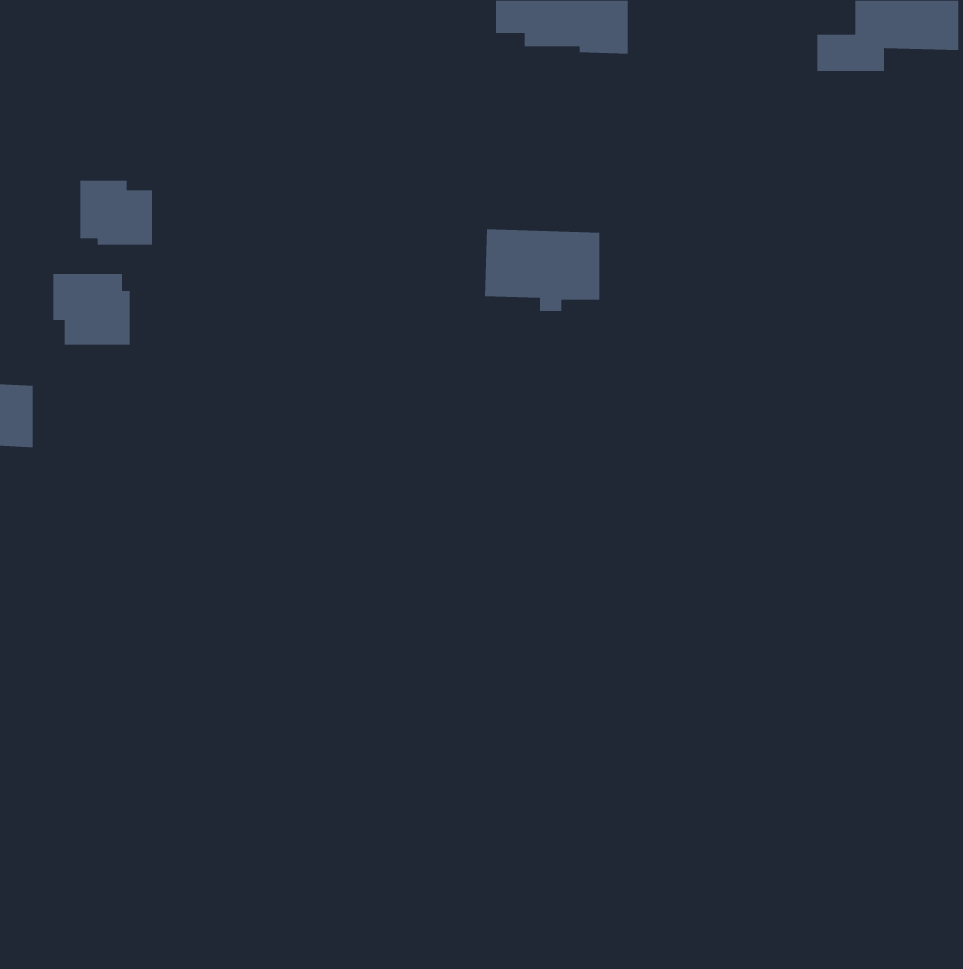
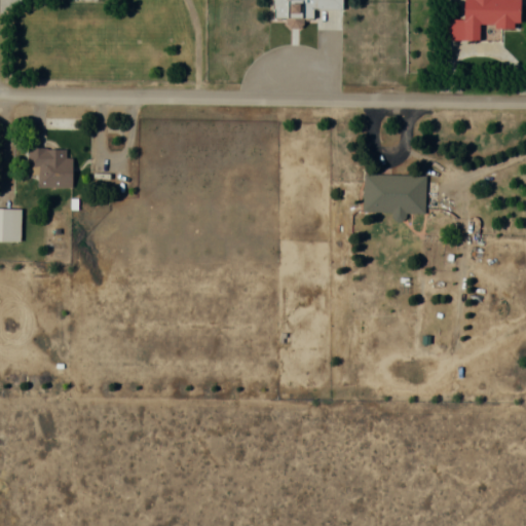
building: [79,180,153,246] -> none
building: [484,228,600,312] -> [363,174,425,219]

